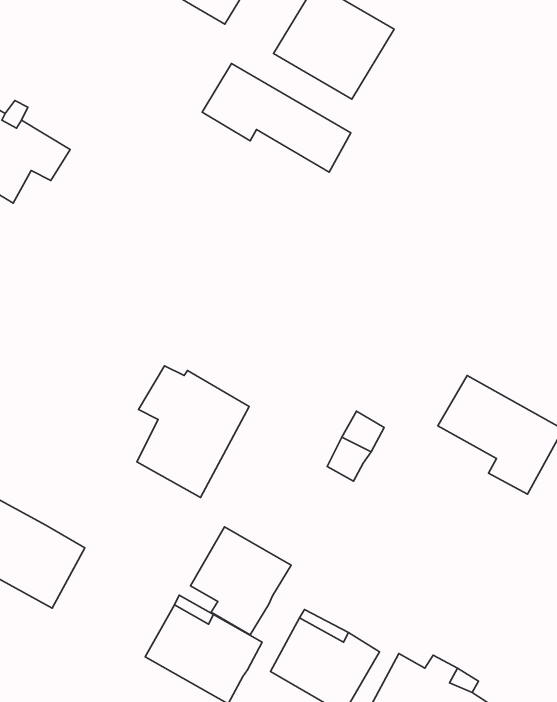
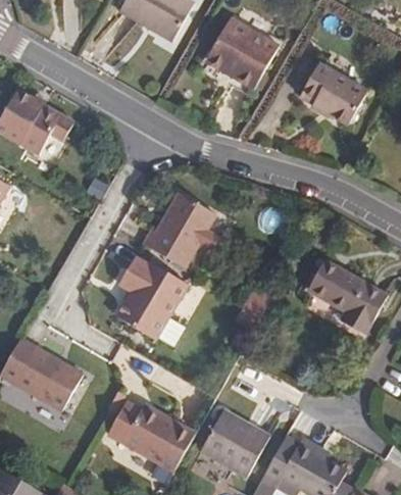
building: none -> [299,61,365,122]
building: [202,63,351,172] -> none
building: none -> [142,193,214,267]
building: [190,527,291,635] -> none

